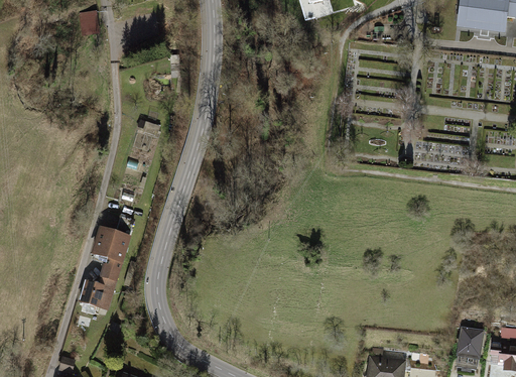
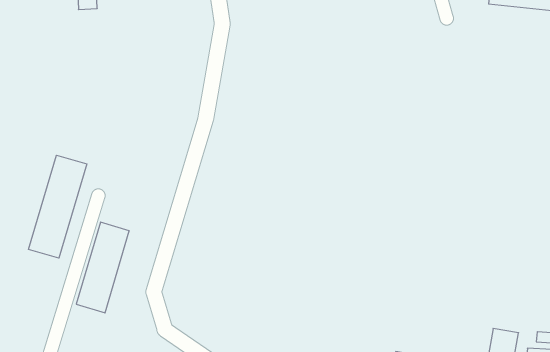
building: none -> [29,155,87,258]

